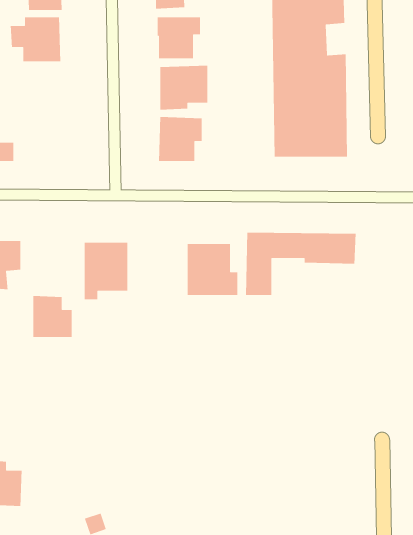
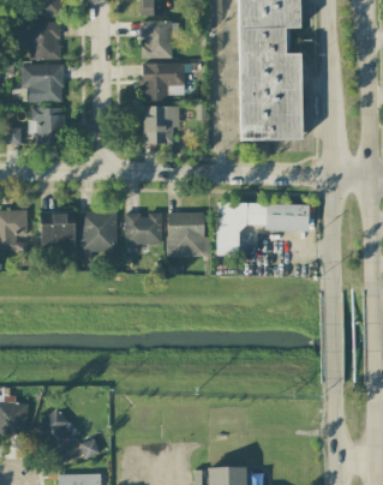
building: none -> [22,64,64,102]
building: none -> [30,107,64,142]
building: none -> [125,214,163,245]
building: [32,295,72,338] -> [41,211,74,247]
building: none -> [38,407,83,451]

